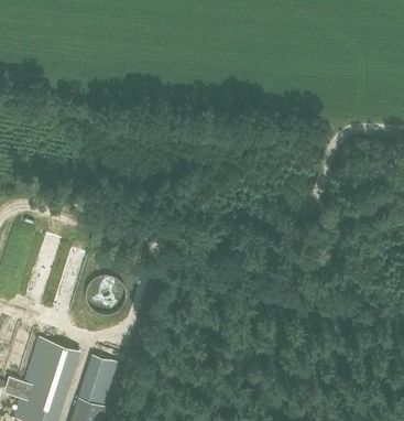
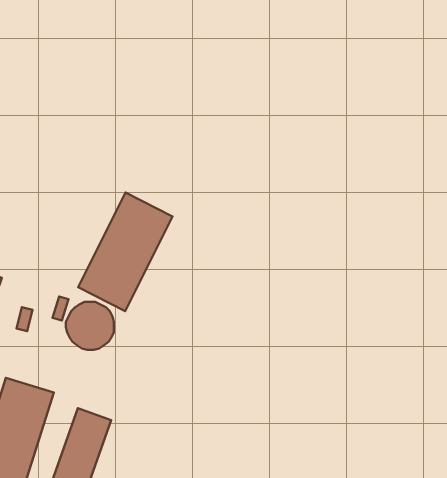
building: none -> [78,192,172,311]

